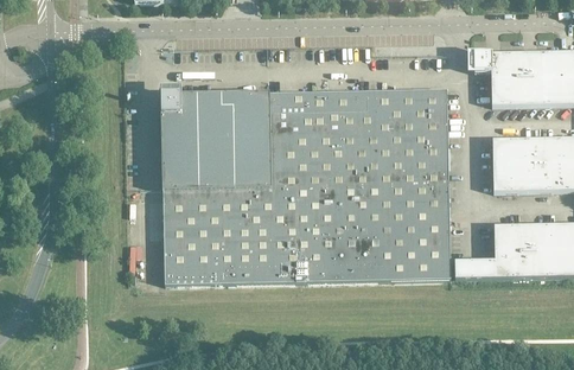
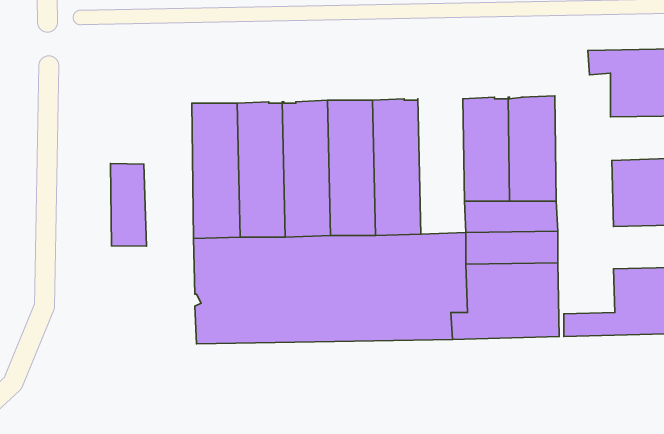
building: [339,90,377,197] -> none
building: none -> [111,164,146,246]

